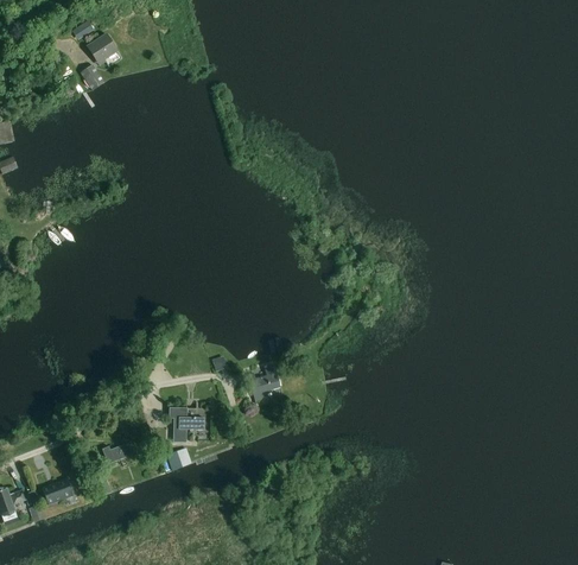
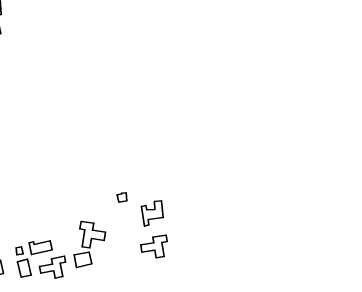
building: none -> [141,235,167,258]
building: none -> [40,256,65,278]

